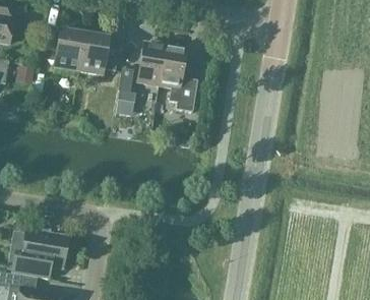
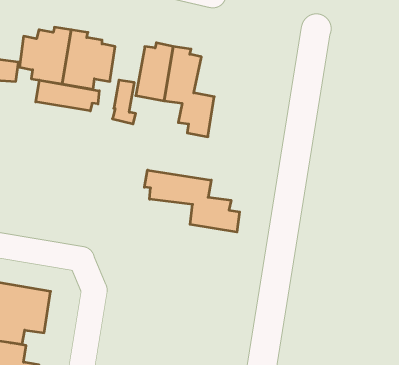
building: none -> [36,80,99,111]
building: none -> [144,170,240,232]

